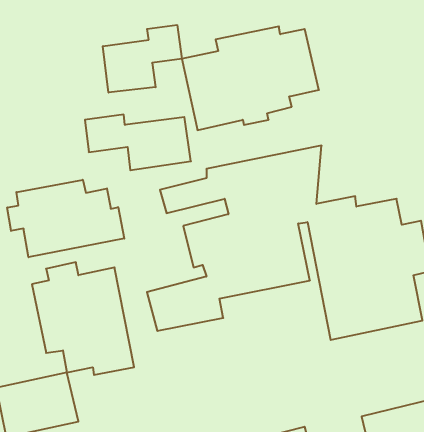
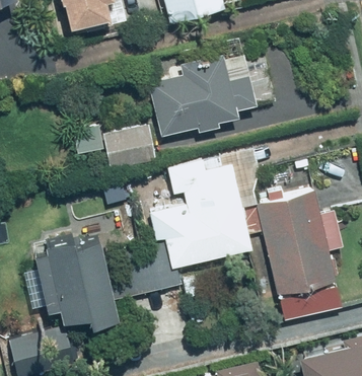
building: [103,25,182,93] -> none
building: [7,180,124,257] -> none

